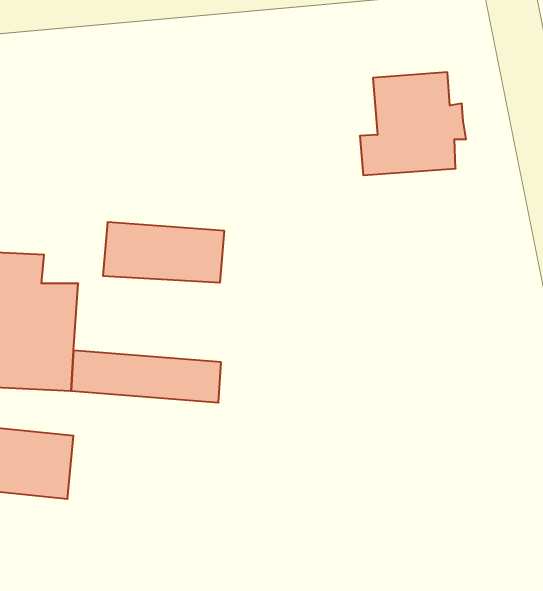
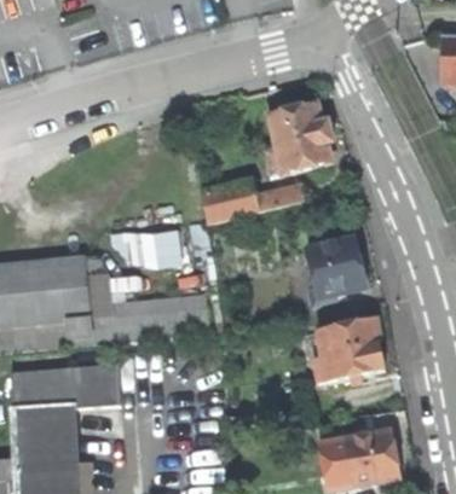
building: none -> [200,182,301,225]
building: none -> [305,222,365,307]
building: none -> [307,320,383,383]

